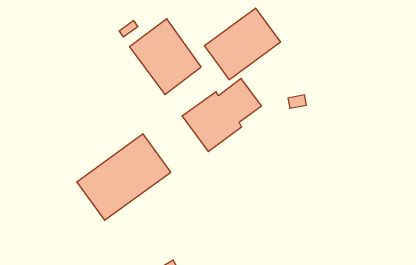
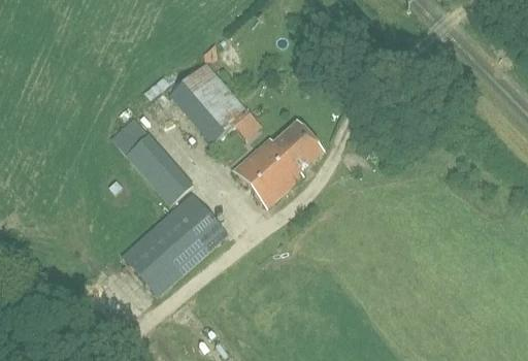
building: [204,8,280,80] -> none
building: none -> [117,124,194,205]

